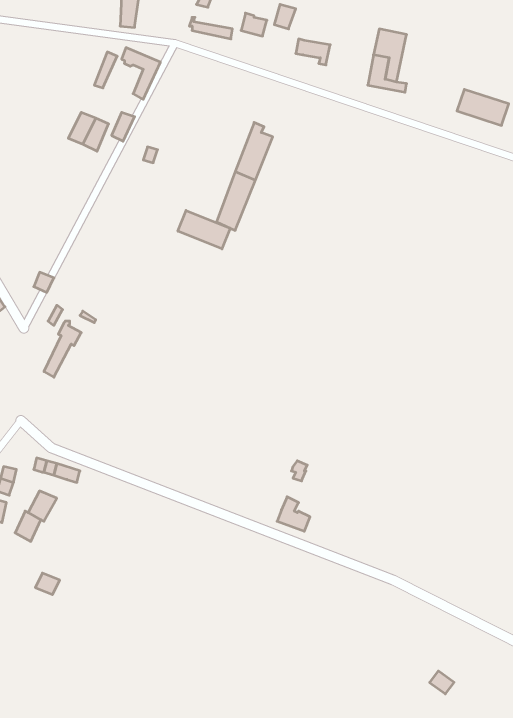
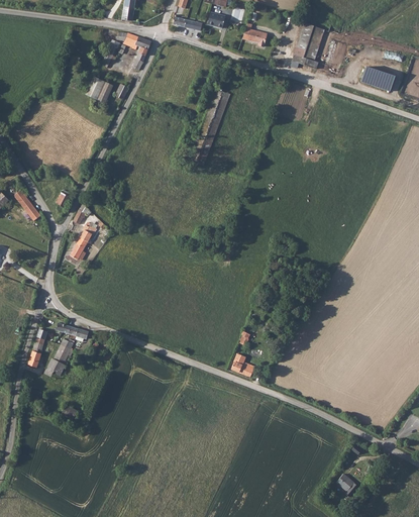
building: [178,210,230,249] -> none

